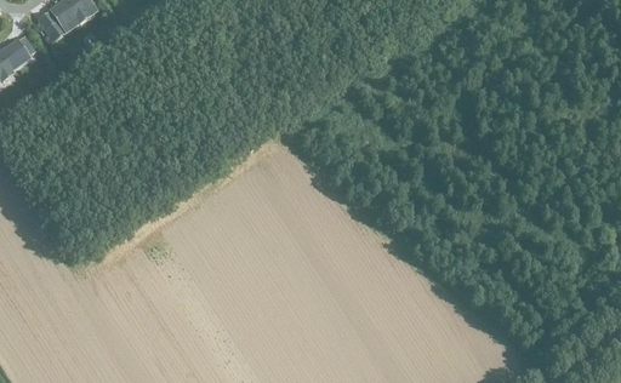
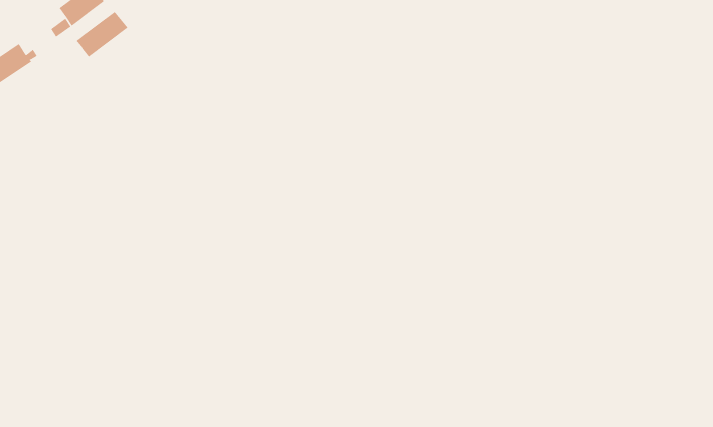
building: none -> [76,11,129,57]

